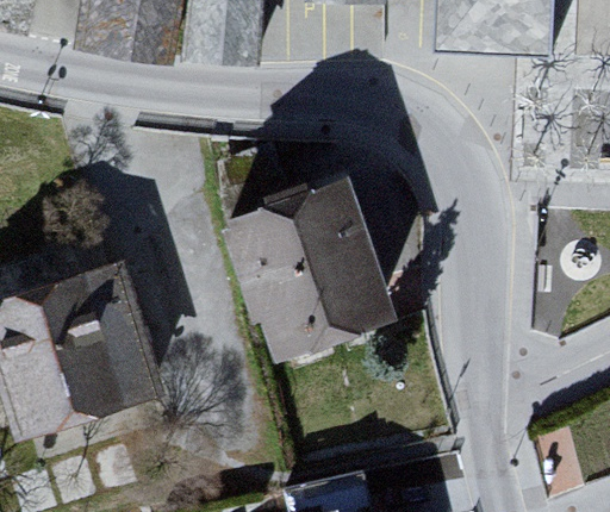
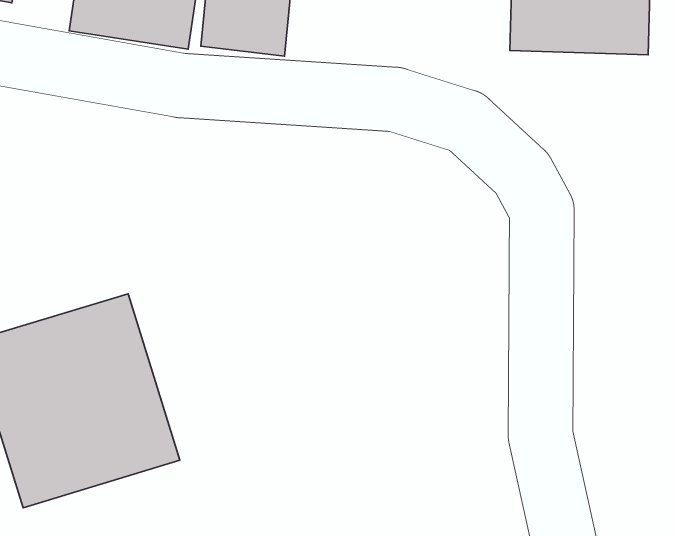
building: [219,176,394,352] -> none

